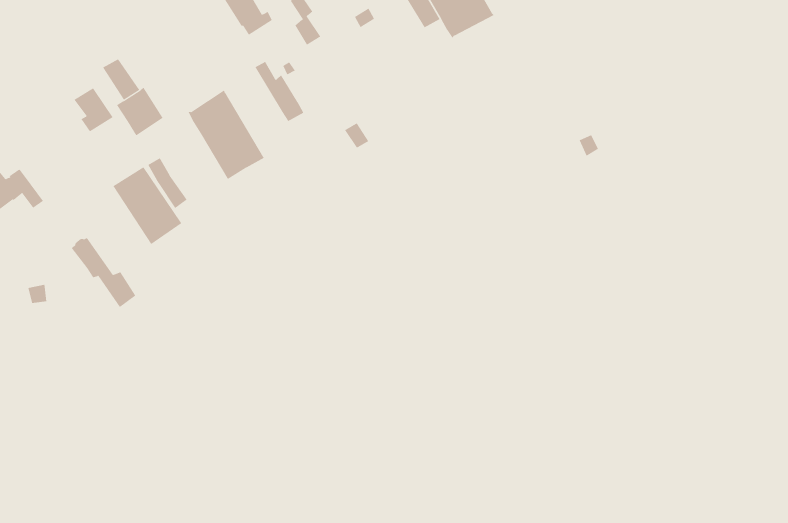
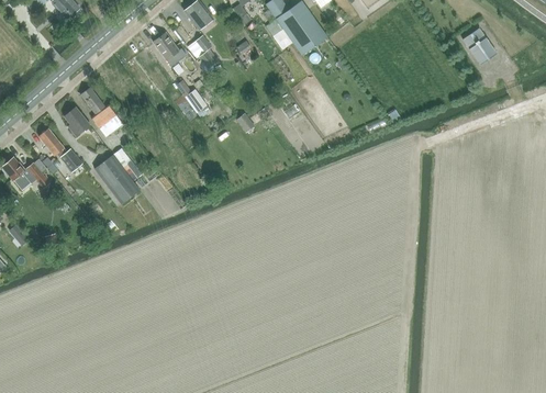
building: none -> [463,27,497,64]
building: [187,90,264,180] -> none
building: [71,237,136,308] -> [38,128,82,171]

